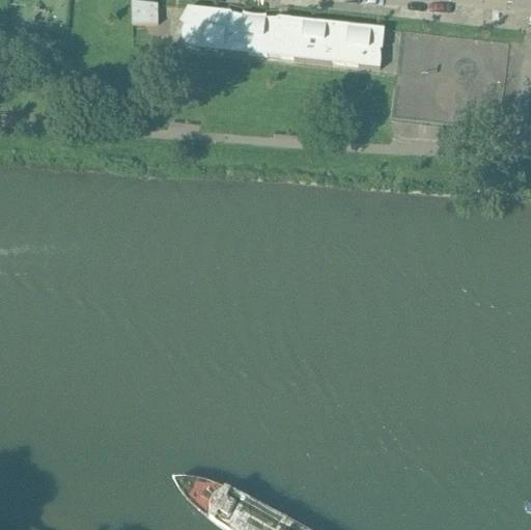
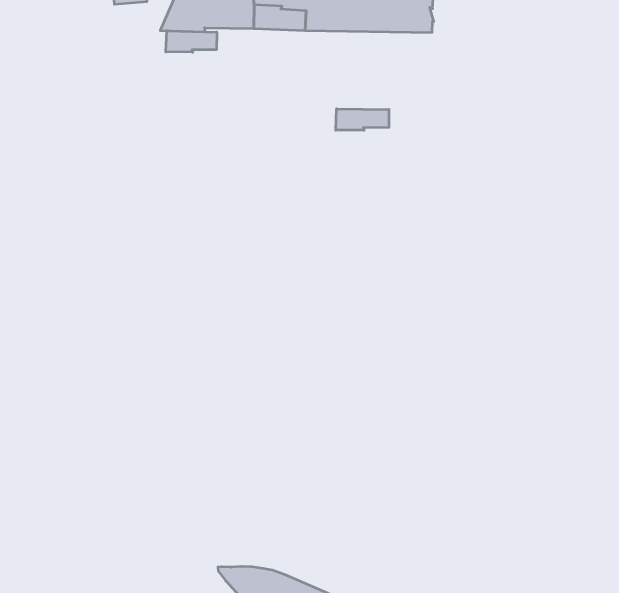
building: none -> [166,31,217,52]
building: none -> [336,109,389,130]

